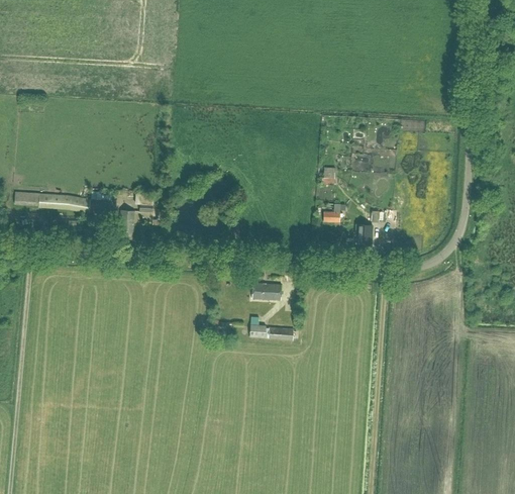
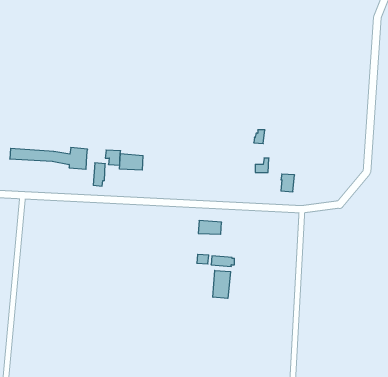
building: none -> [120,154,143,170]
building: none -> [213,270,231,298]

